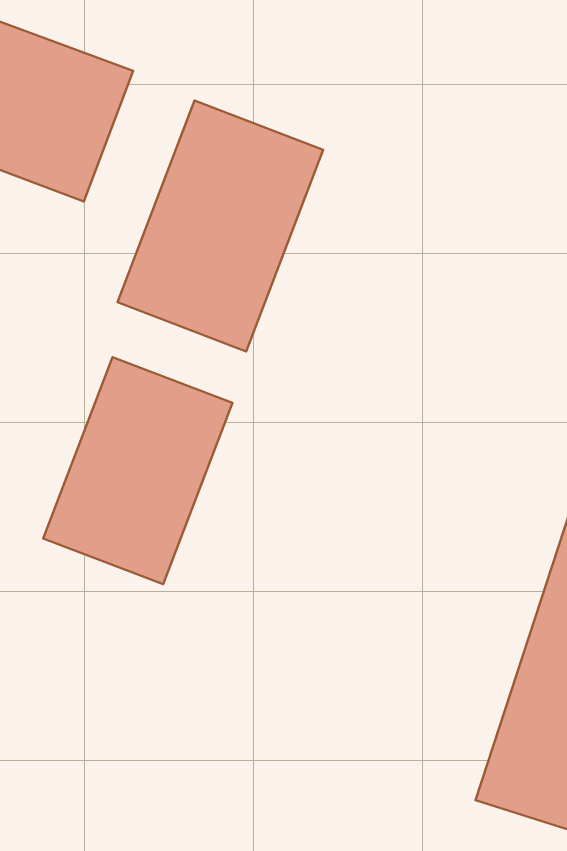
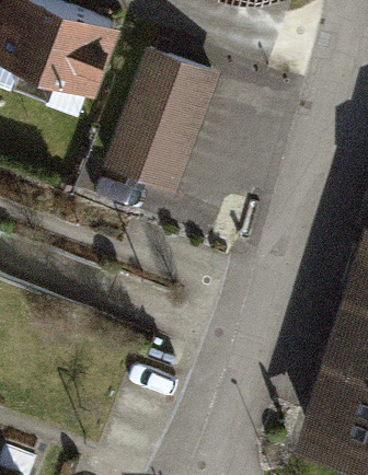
building: [43,357,233,584] -> none

